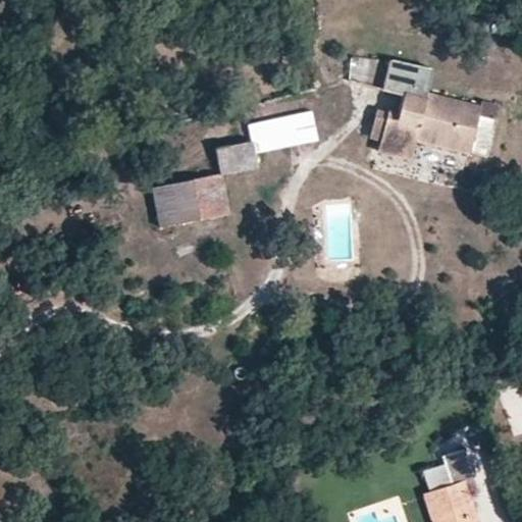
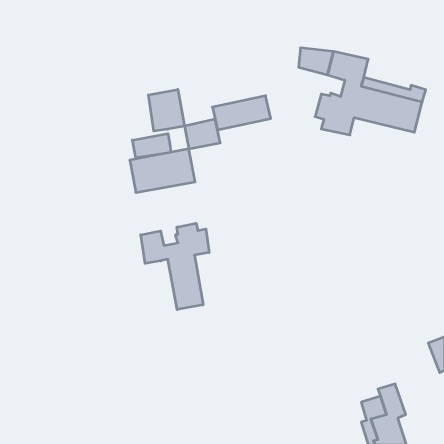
building: none -> [148,89,185,131]
building: none -> [132,134,171,158]
building: none -> [141,223,209,310]

